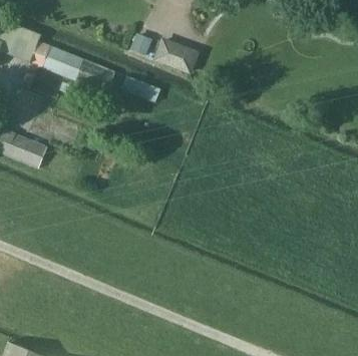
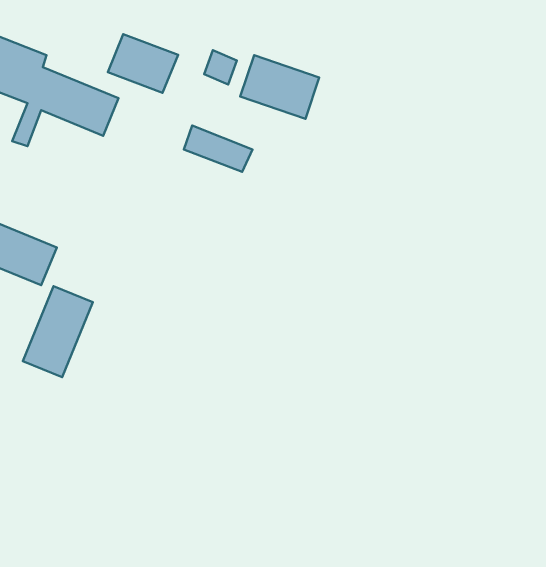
building: [74,60,115,94] -> [108,34,178,93]
building: none -> [23,286,93,377]

